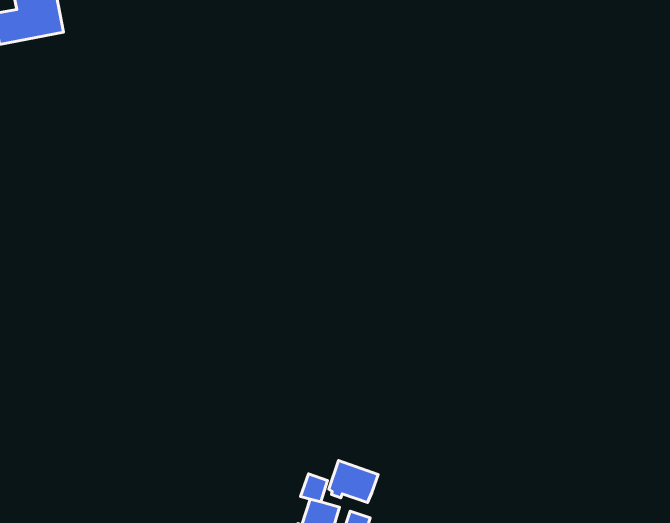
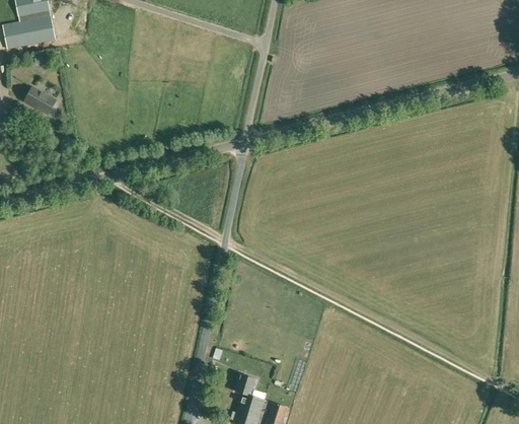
building: none -> [25,86,56,114]
building: [329,461,378,503] -> none

